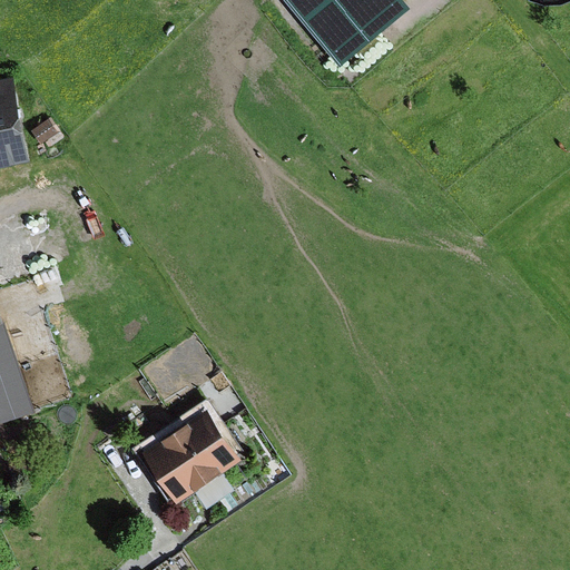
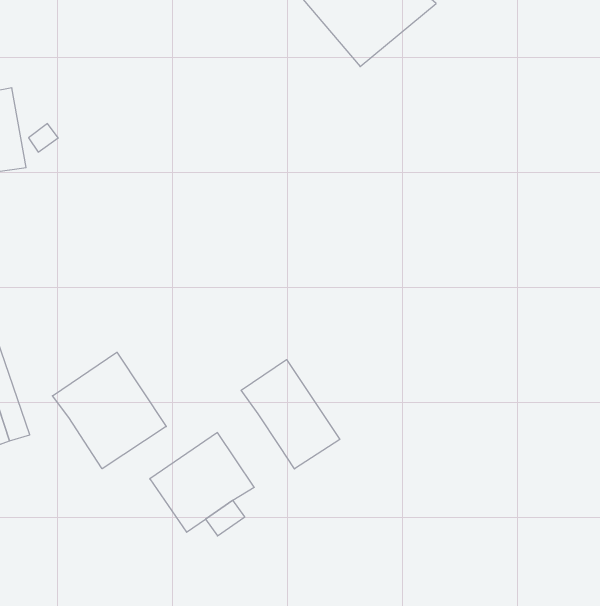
building: none -> [52,352,166,469]
building: none -> [241,360,340,469]

